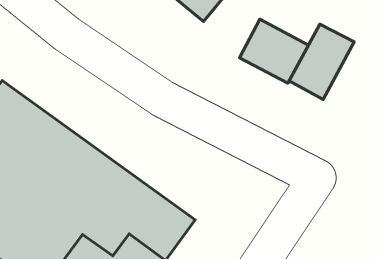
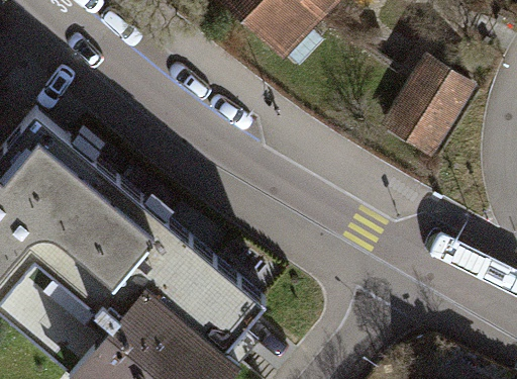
building: [239,19,308,83] -> none

